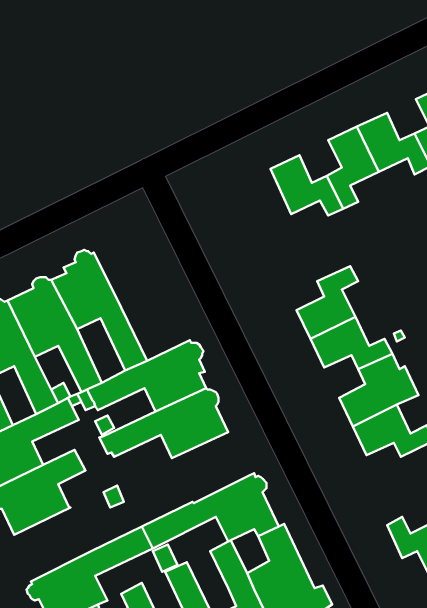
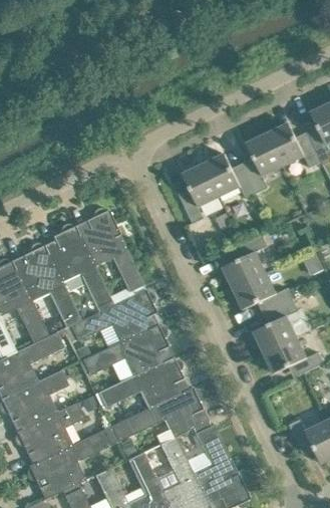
building: none -> [182,164,220,224]
building: none -> [75,208,144,291]
building: none -> [98,356,189,409]
building: none -> [15,402,84,466]

